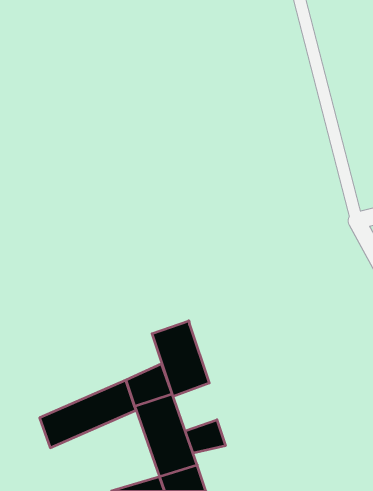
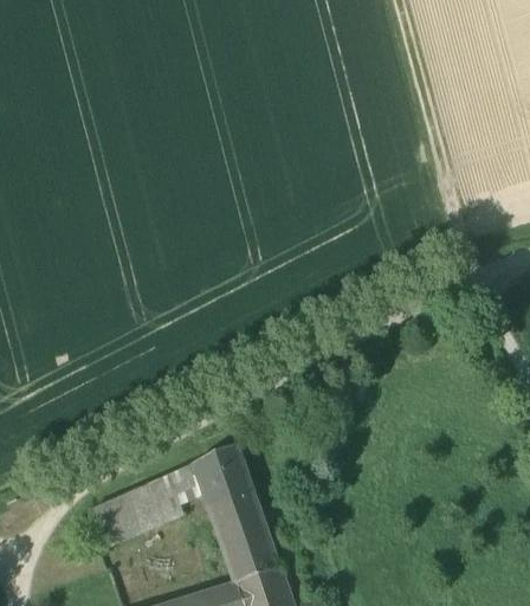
building: [152,321,209,397] -> none
building: [185,420,225,453] -> none

